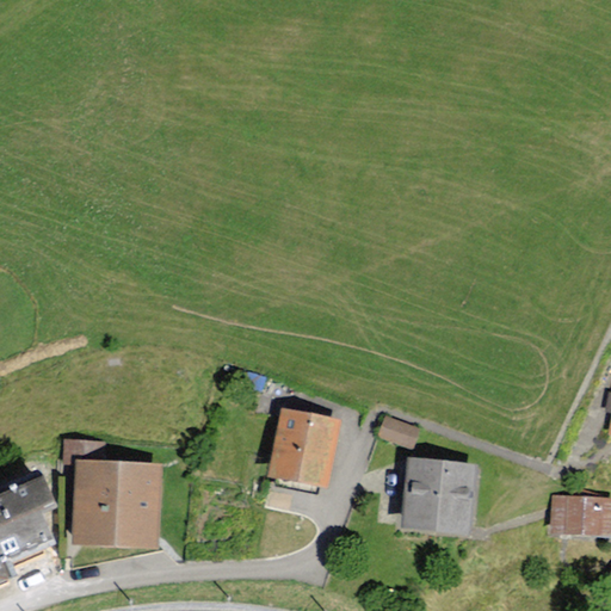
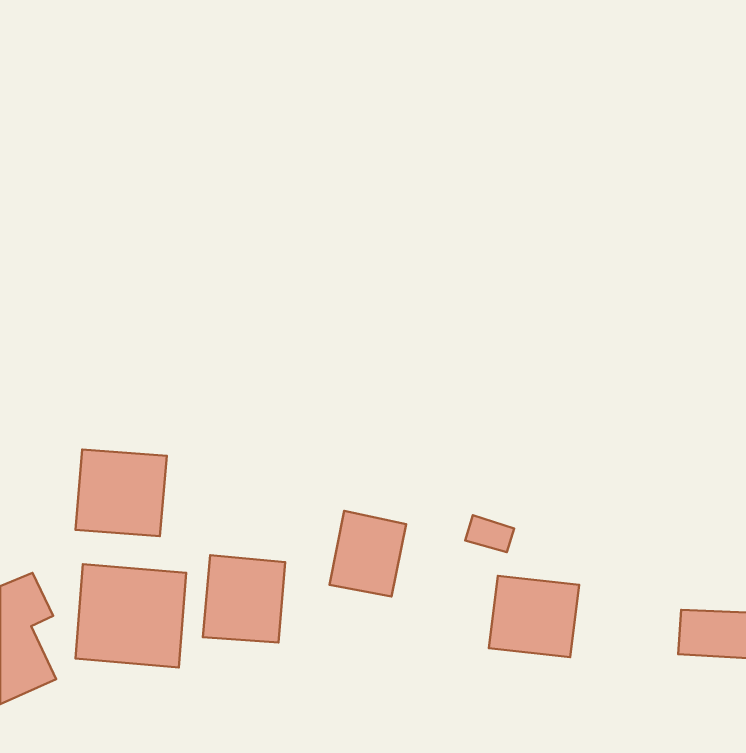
building: none -> [75,450,167,536]
building: none -> [203,555,285,643]

